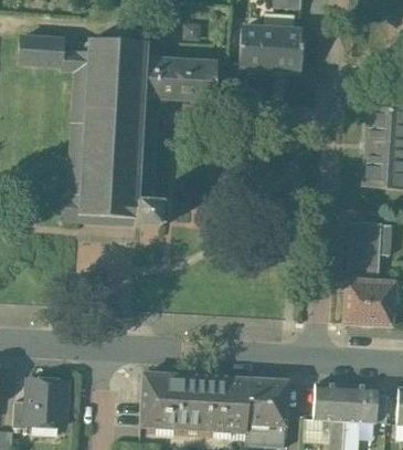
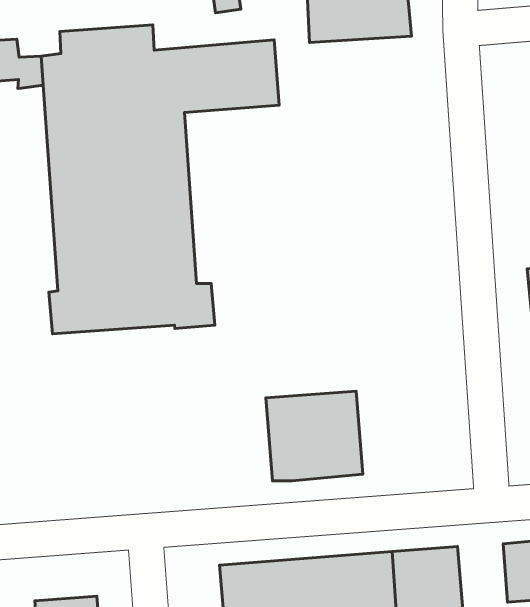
building: none -> [266,391,363,481]

